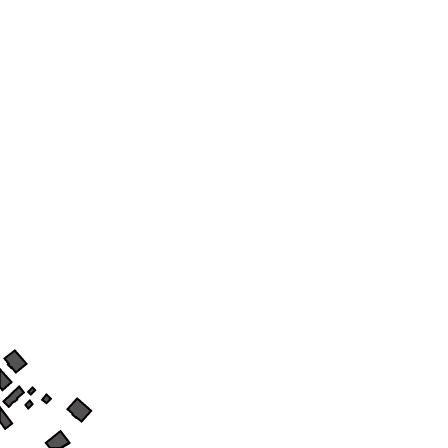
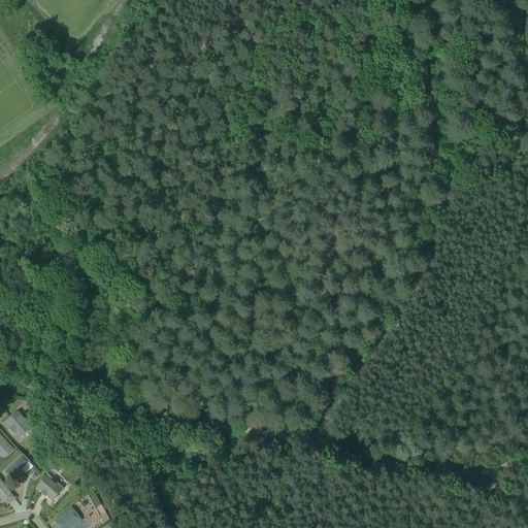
building: [67,399,91,421] -> [35,473,63,500]

